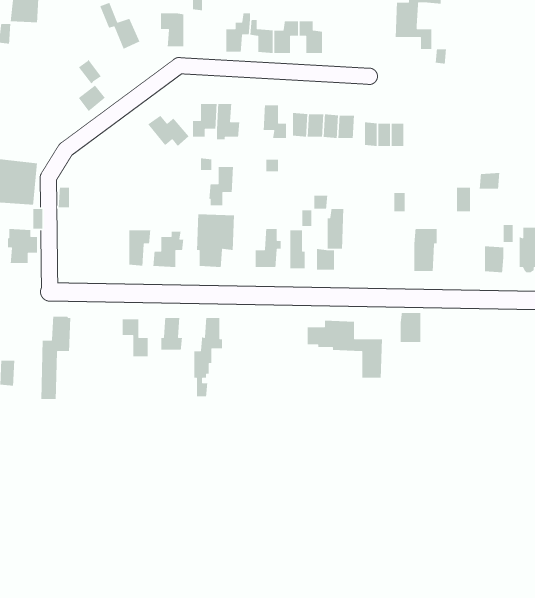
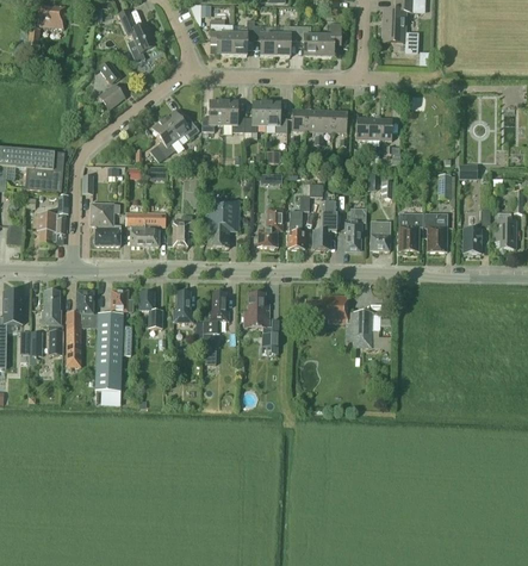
building: [160,13,184,47] -> [210,23,231,54]
building: none -> [318,23,340,56]
building: none -> [150,118,182,156]
building: [209,166,234,206] -> [243,100,266,136]
building: none -> [89,203,120,244]
building: none -> [344,207,365,249]
building: none -> [125,211,144,244]
building: none -> [424,213,446,251]
building: [400,312,421,343] -> [369,223,389,250]
building: none -> [42,288,63,353]
building: none -> [94,290,131,390]
building: none -> [244,292,278,353]

